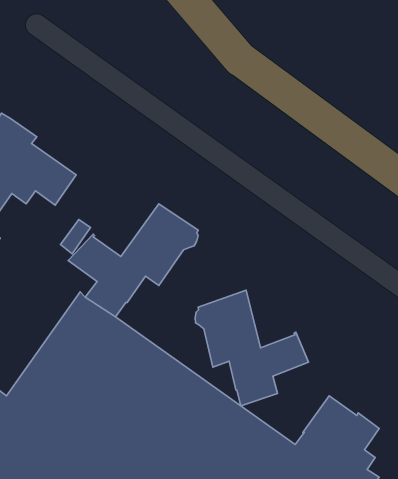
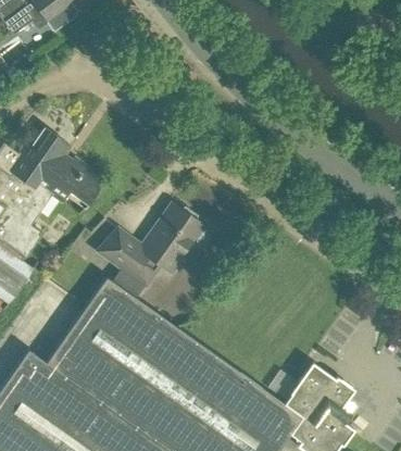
building: [195,290,309,406] -> none

